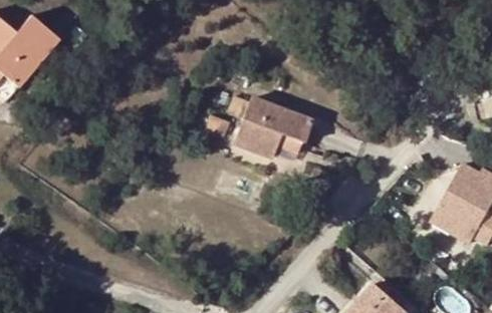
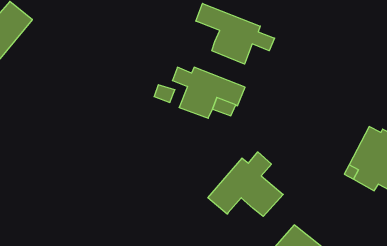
building: none -> [196,3,275,64]
building: none -> [208,152,283,216]

